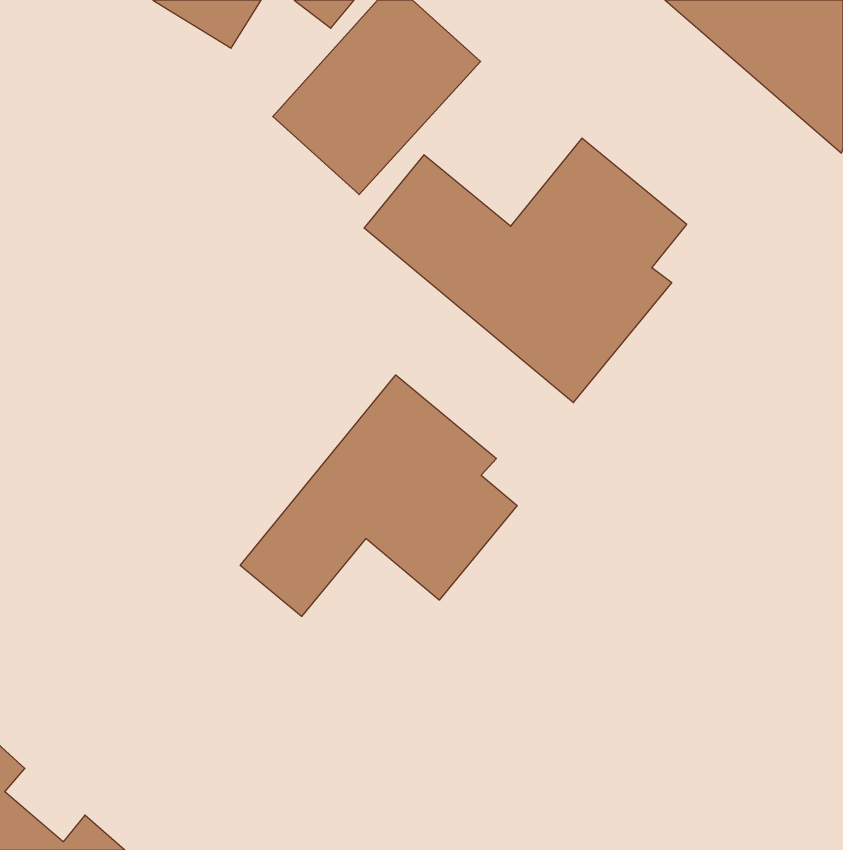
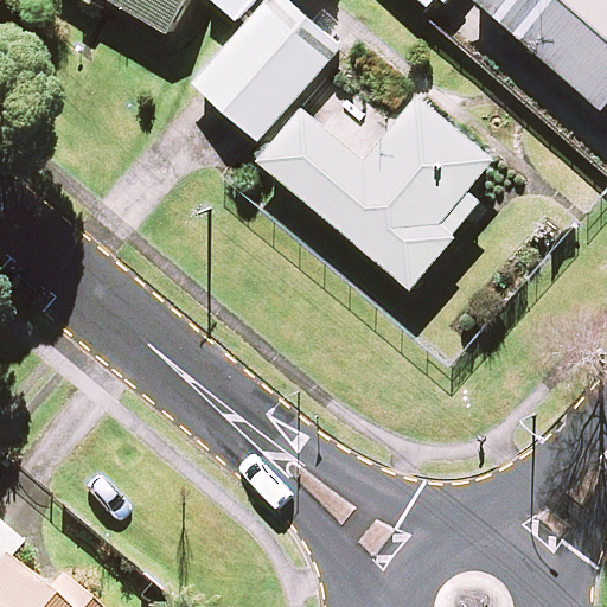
building: [240,375,517,616] -> none

